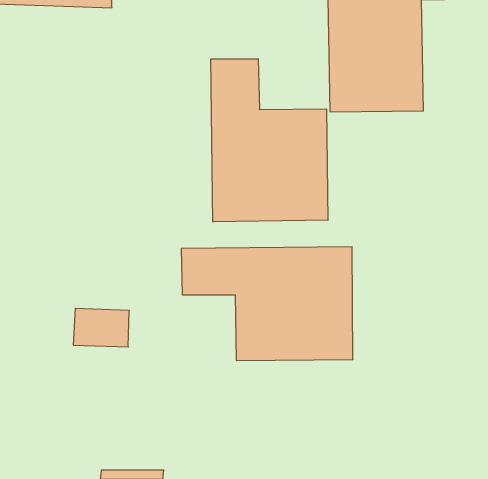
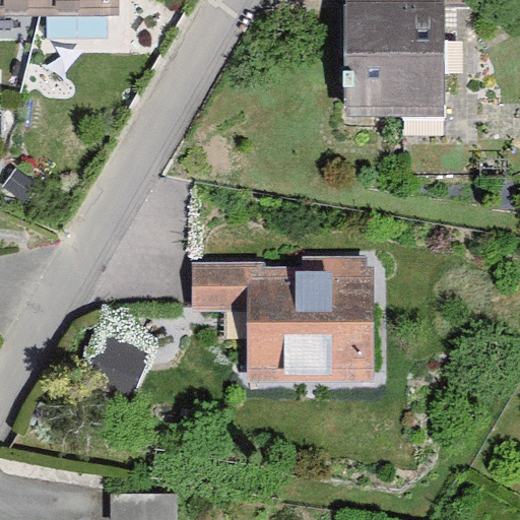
building: [211,59,328,222] -> none

